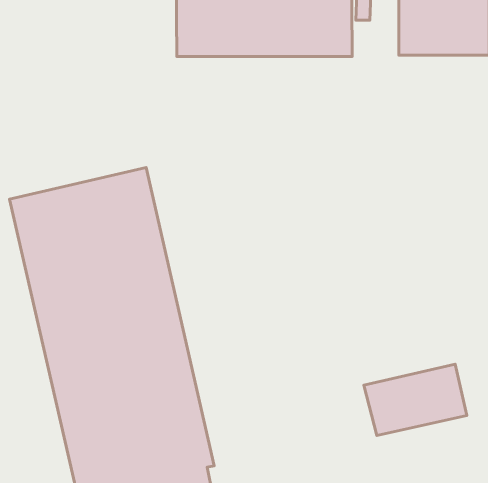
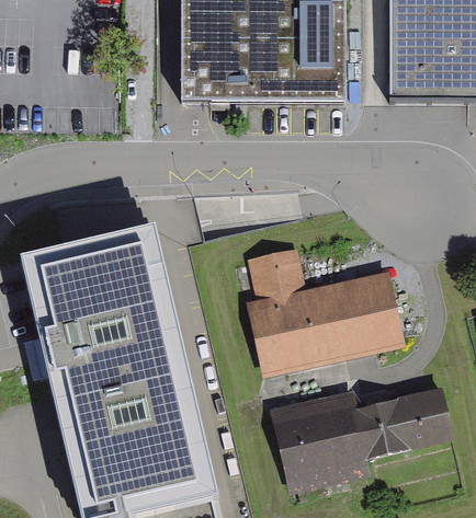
building: none -> [245,245,406,375]
building: none -> [272,393,372,493]

